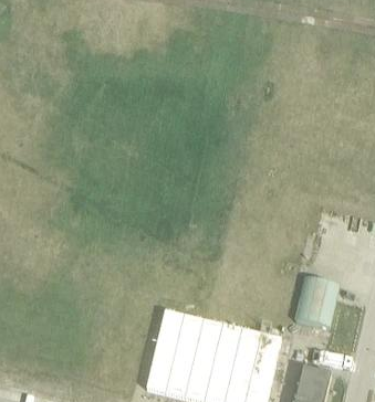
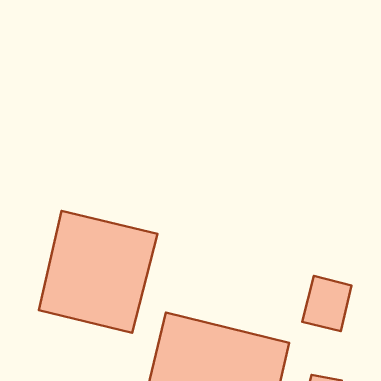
building: none -> [39,211,158,333]

